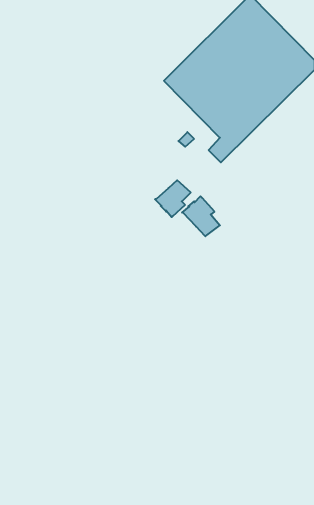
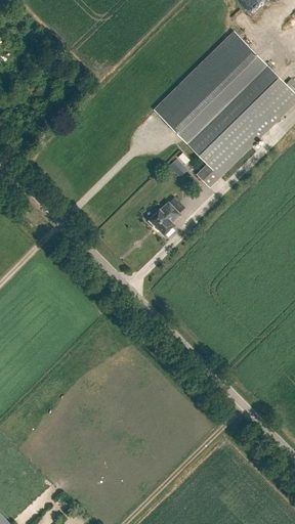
building: [182,196,220,236] -> none

